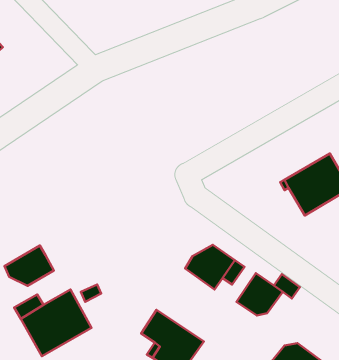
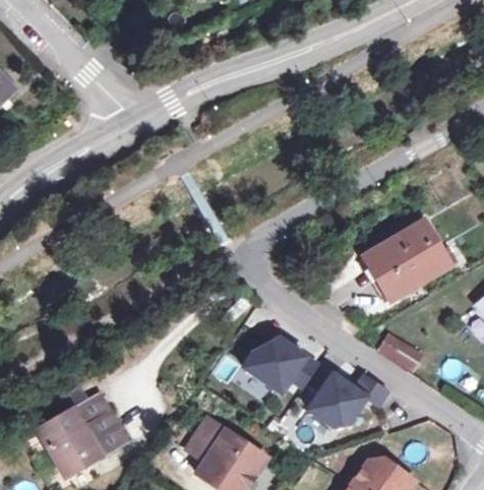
building: none -> [379,330,428,373]
building: [5,246,54,286] -> none

